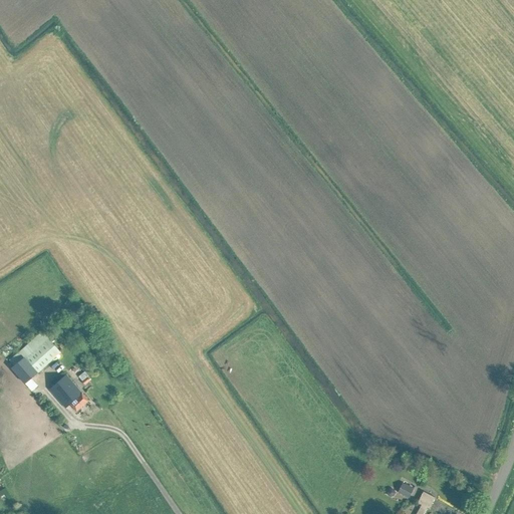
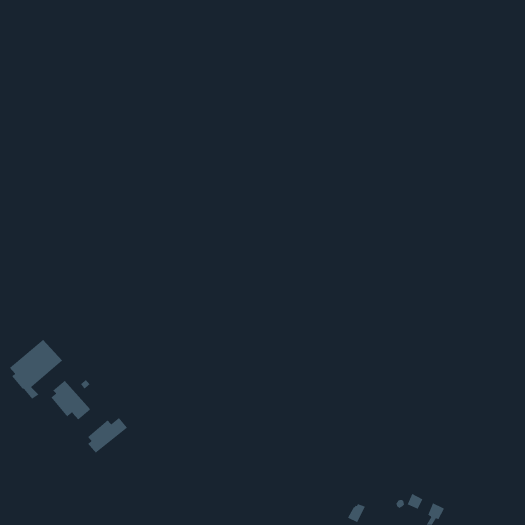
building: none -> [87,417,128,454]

